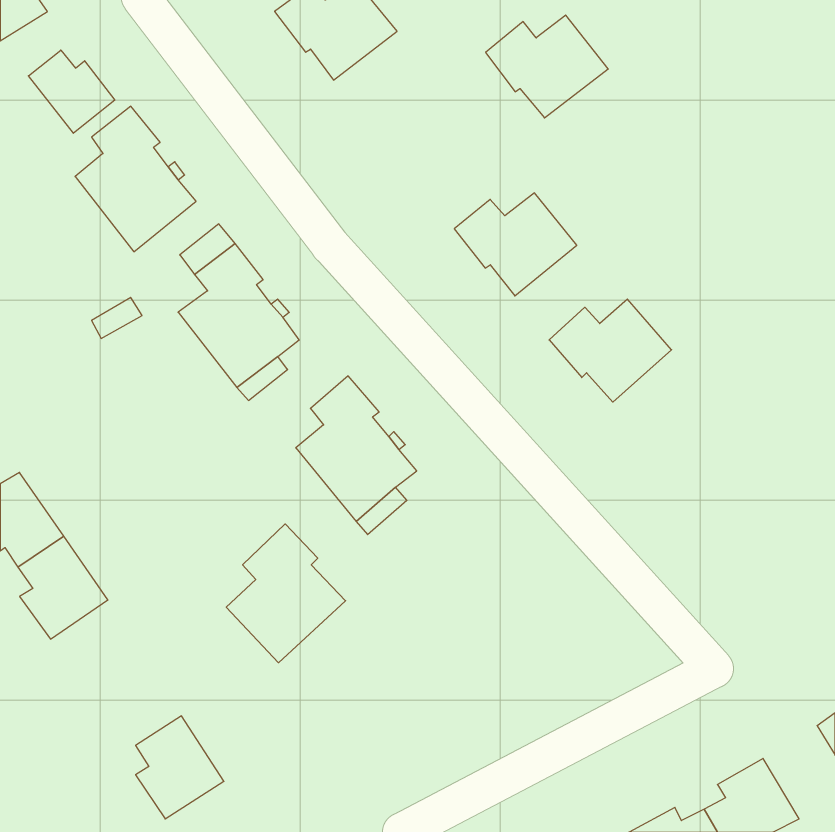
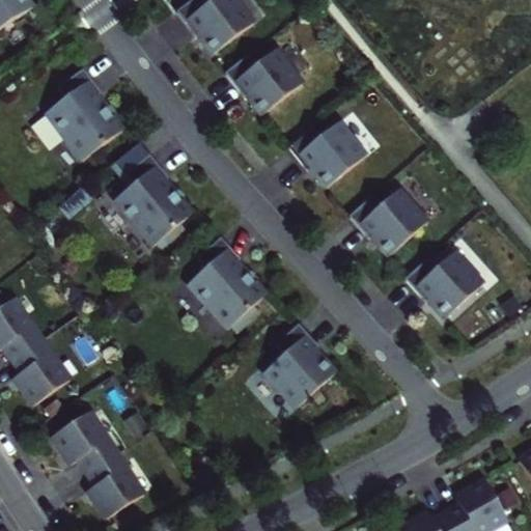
building: [486,15,608,118] -> [225,49,303,114]
building: [28,50,115,133] -> none
building: none -> [404,251,482,317]
building: [226,524,346,663] -> [258,320,334,409]
building: none -> [51,412,115,473]

